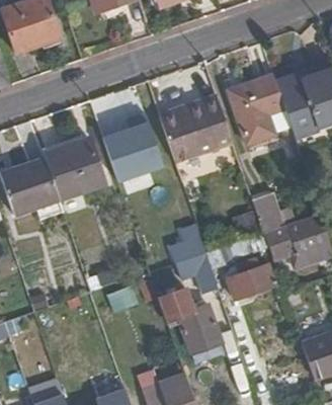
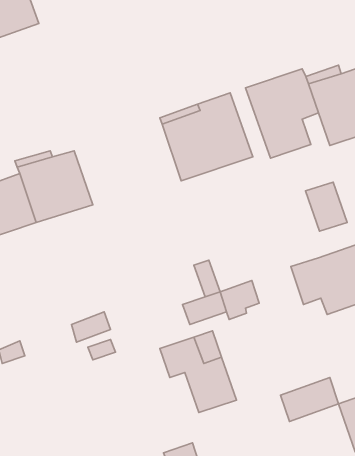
building: [99,115,162,178] -> none
building: [252,193,285,233] -> [306,182,347,231]
building: [228,264,274,300] -> [281,377,339,421]

